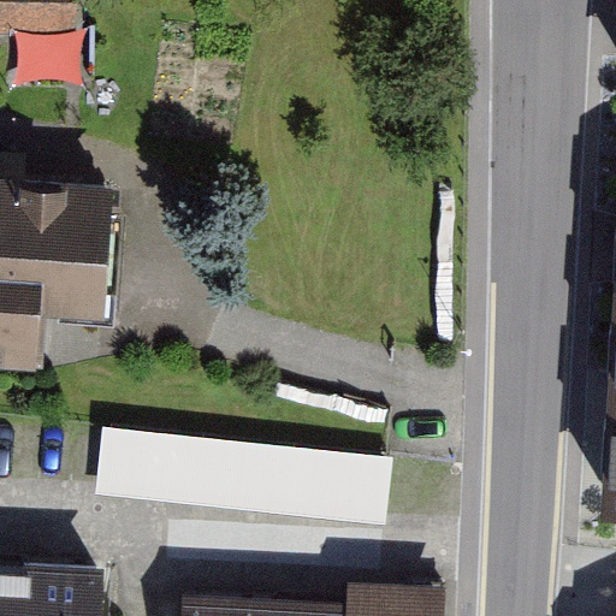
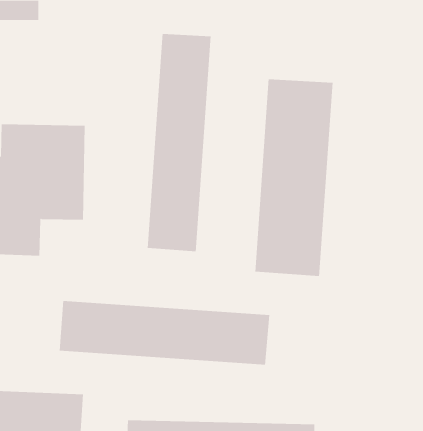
building: none -> [147,33,211,252]
building: none -> [255,78,333,277]

